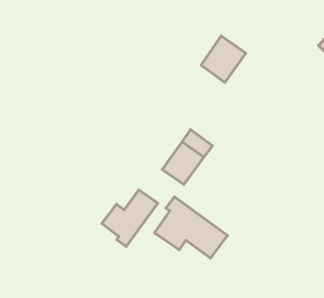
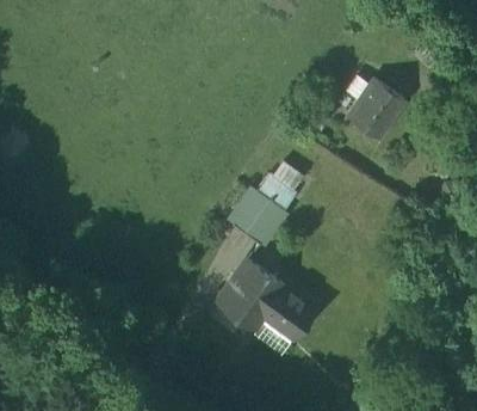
building: [201,36,246,82] -> [346,80,402,139]
building: [102,190,158,247] -> none

